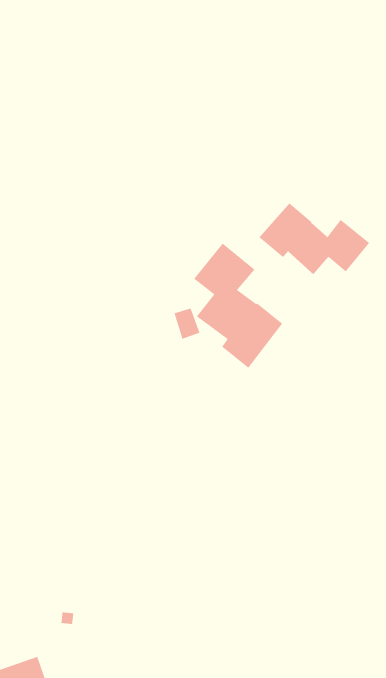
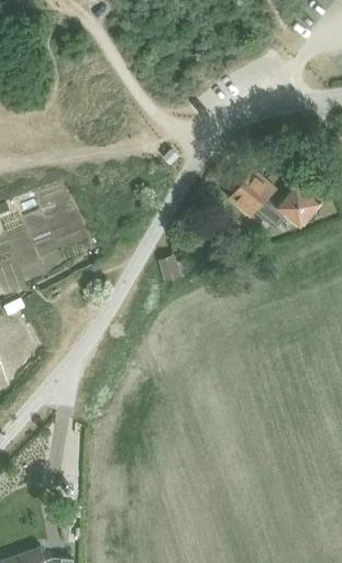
building: [193,243,283,369] -> none

